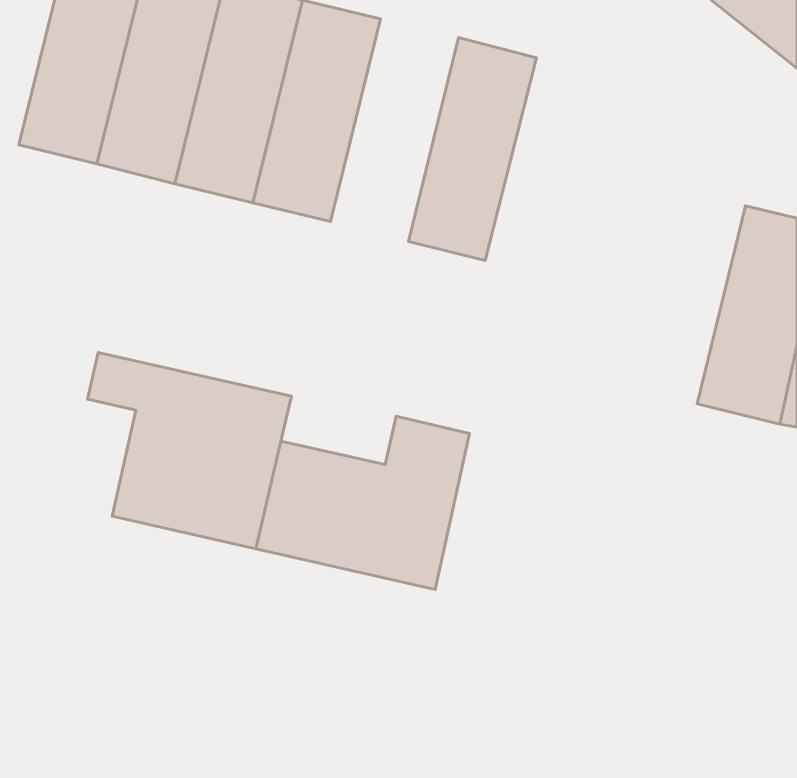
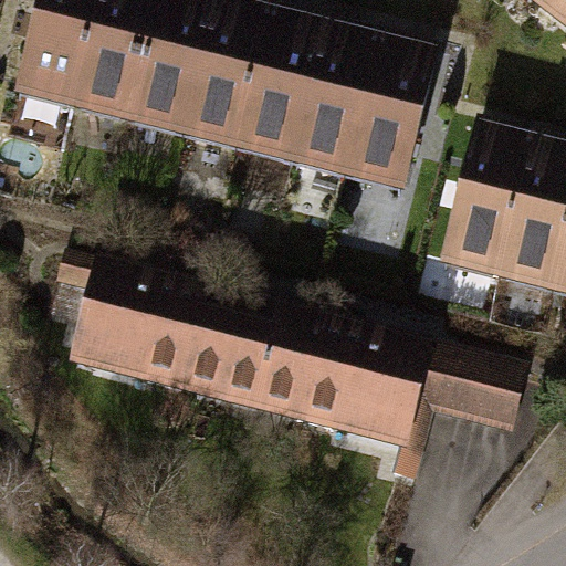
building: none -> [234,13,325,171]
building: none -> [344,41,436,198]
building: none -> [437,132,528,286]
building: none -> [308,307,537,443]

